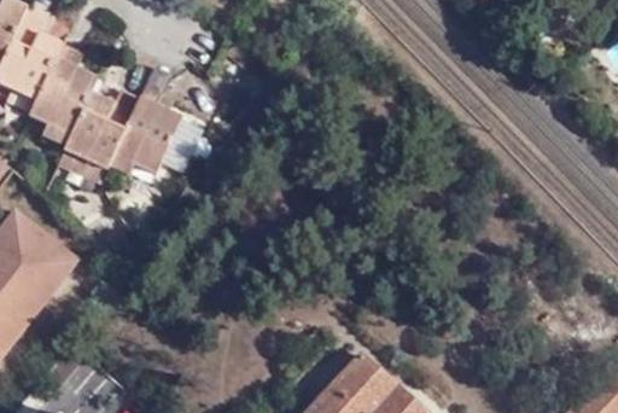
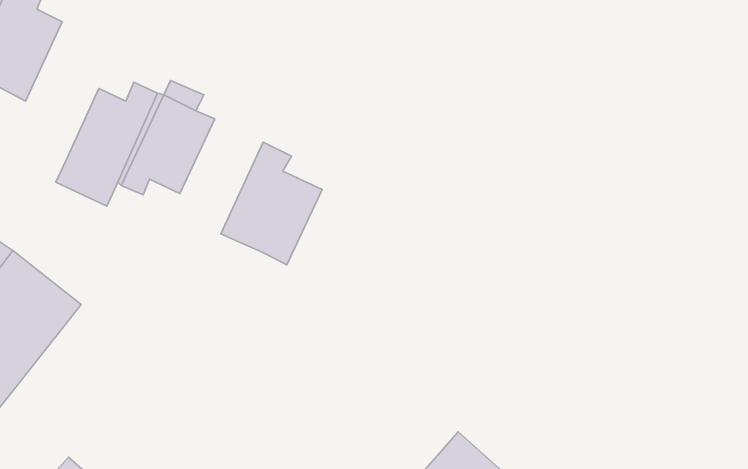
building: [29,41,98,147] -> none
building: none -> [221,142,322,265]

